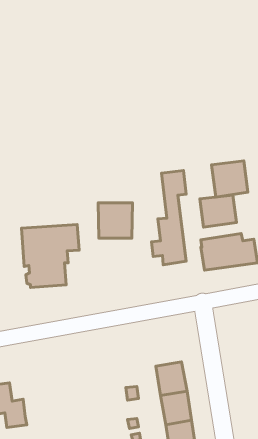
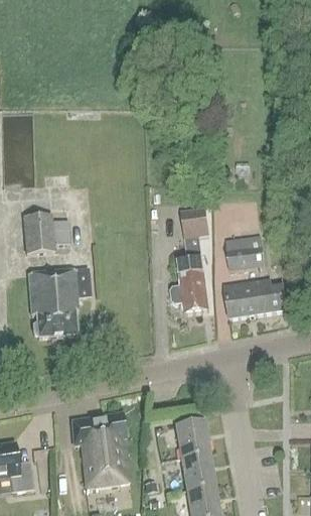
building: [212,161,248,197] -> none
building: none -> [23,213,69,252]
building: [98,203,132,238] -> none
building: none -> [71,411,131,485]

